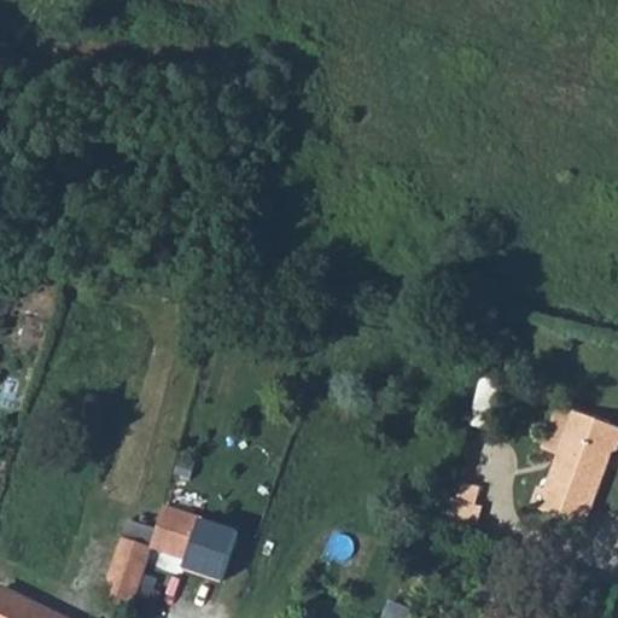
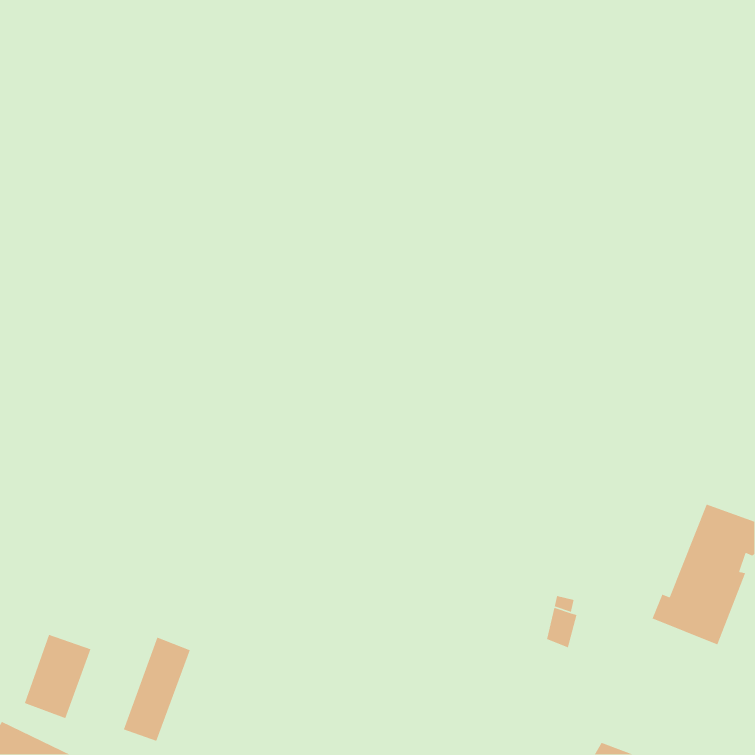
building: [152,506,240,578] -> none
building: none -> [24,634,92,719]

